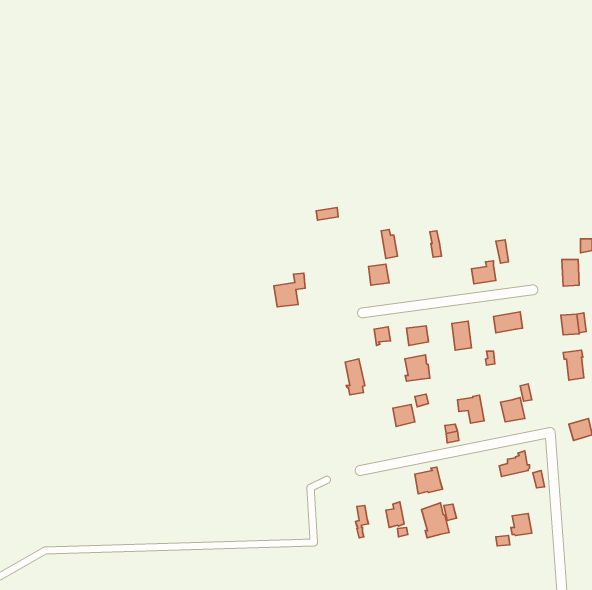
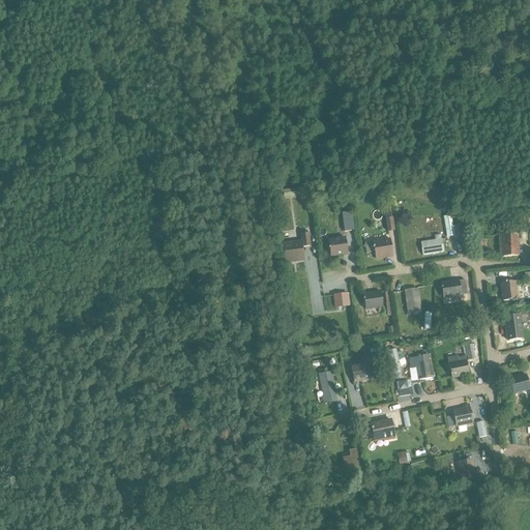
building: none -> [364,237,392,257]
building: [274,273,305,307] -> [283,231,311,261]
building: [405,355,430,381] -> none
building: [345,359,365,395] -> [319,370,336,402]
building: [421,503,449,538] -> none

